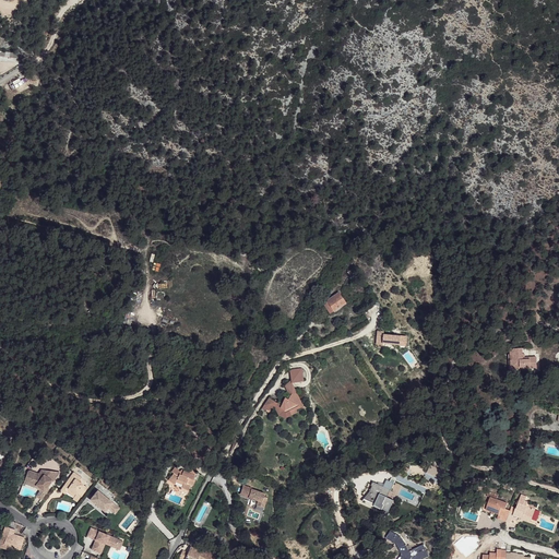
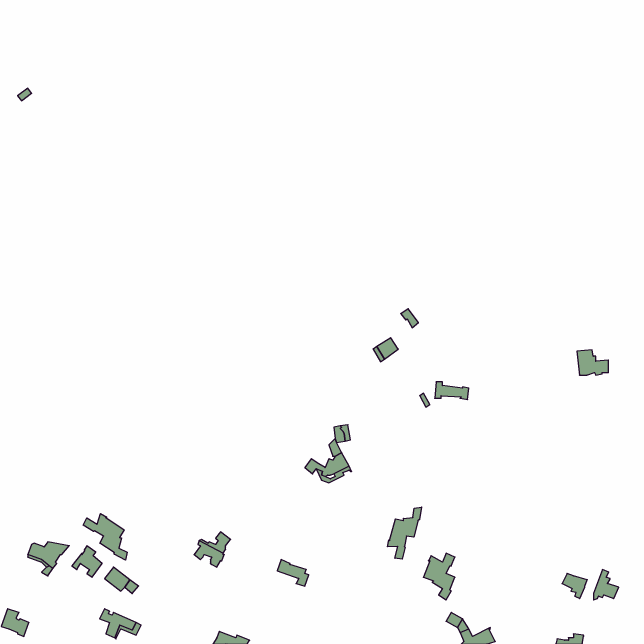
building: [508,348,535,370] -> [577,350,608,375]
building: none -> [388,507,422,559]
building: none -> [83,514,127,560]

